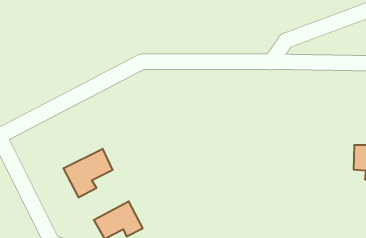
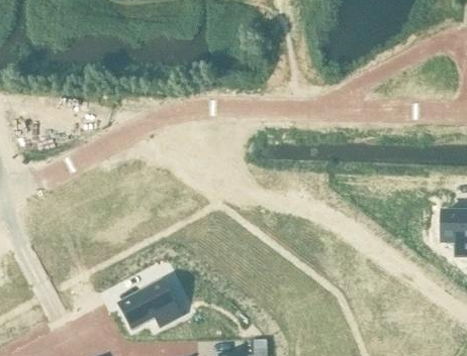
building: [64,149,113,198] -> none

